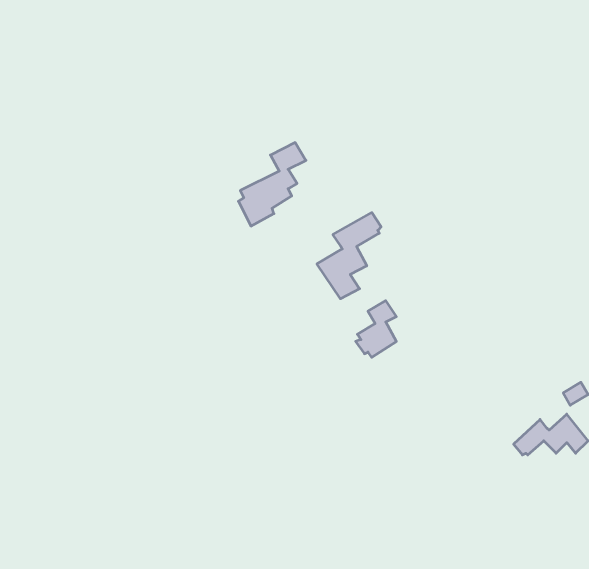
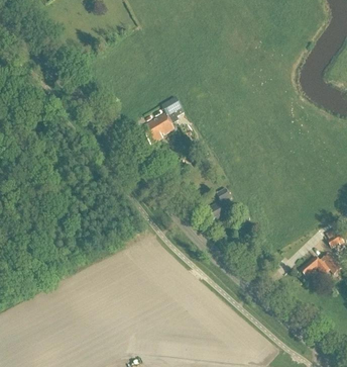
building: [317,213,381,299] -> none

